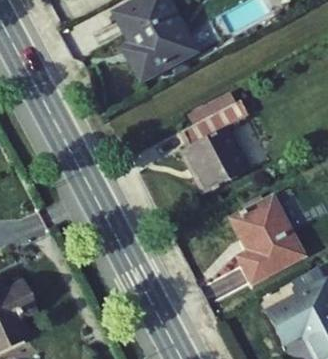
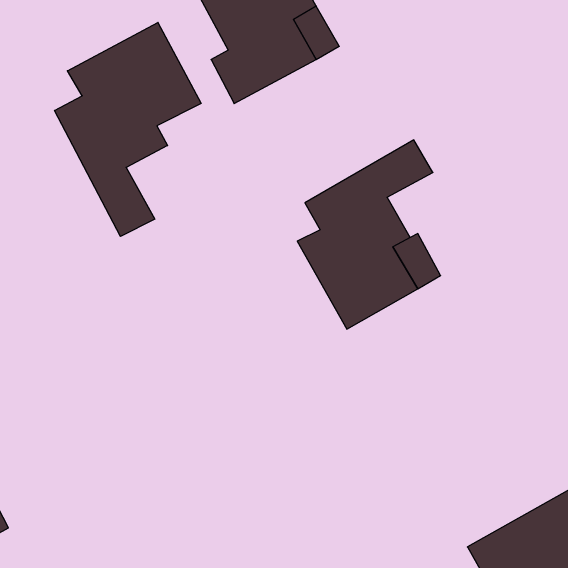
building: none -> [55,22,201,236]
building: [234,197,307,286] -> none

